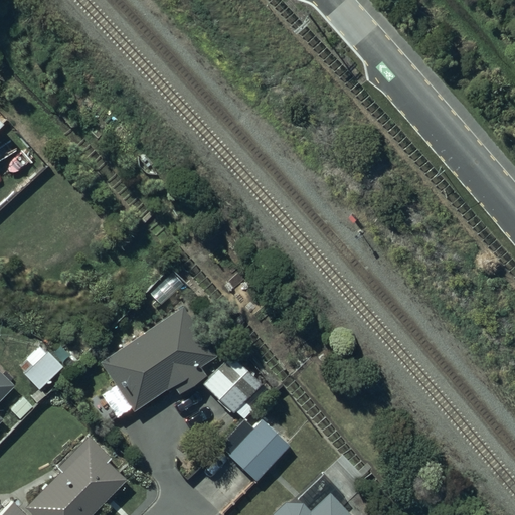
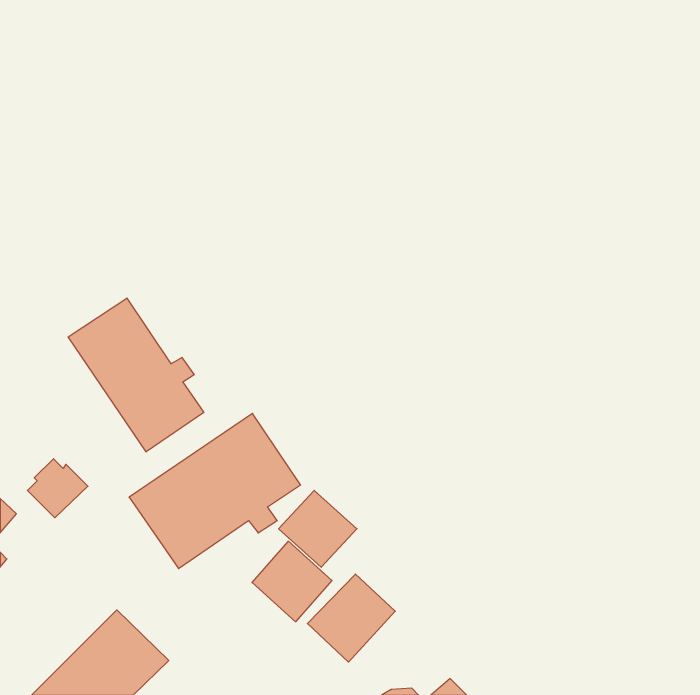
building: none -> [68,298,204,452]
building: none -> [252,541,332,622]

